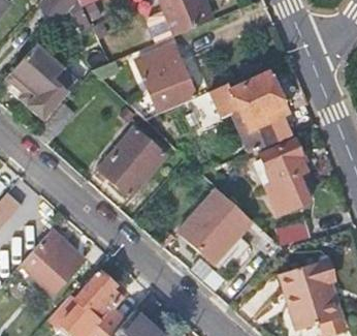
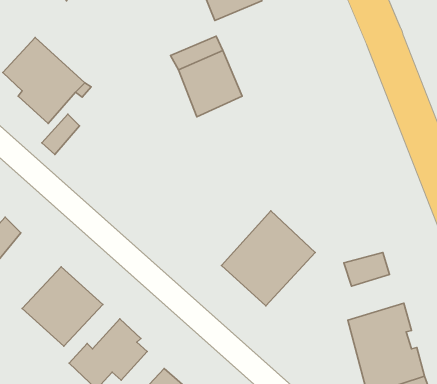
building: [214,75,291,151] -> none
building: [99,126,167,195] -> none
building: [262,140,311,213] -> none

